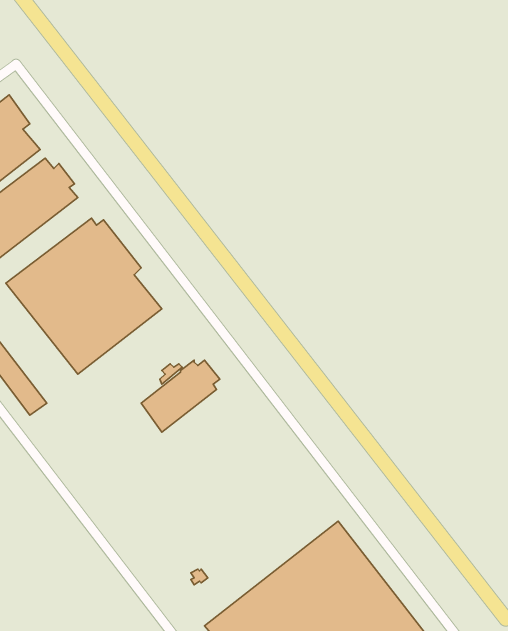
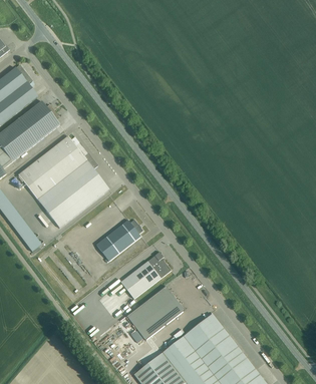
building: none -> [120,252,171,299]
building: none -> [126,287,185,341]

